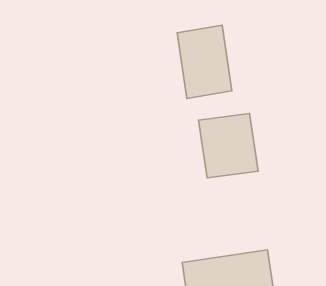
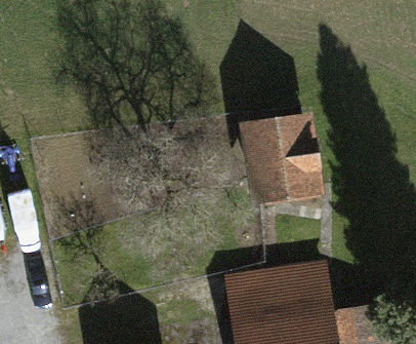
building: [177,25,232,98] -> none

